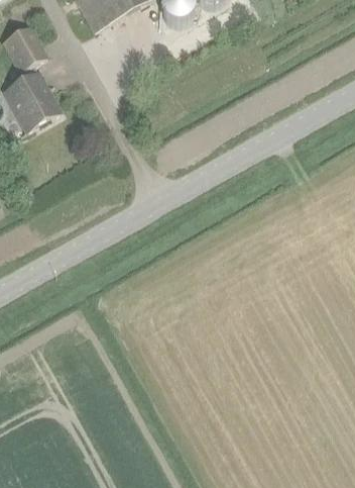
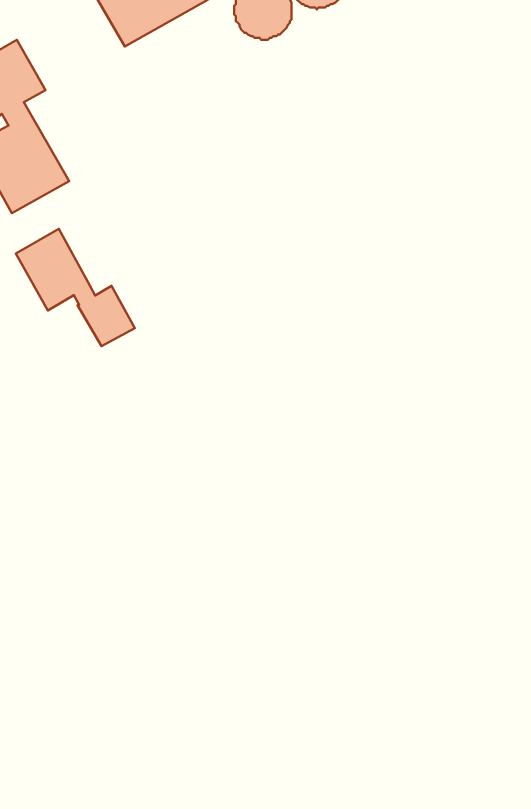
building: none -> [16,229,135,346]

